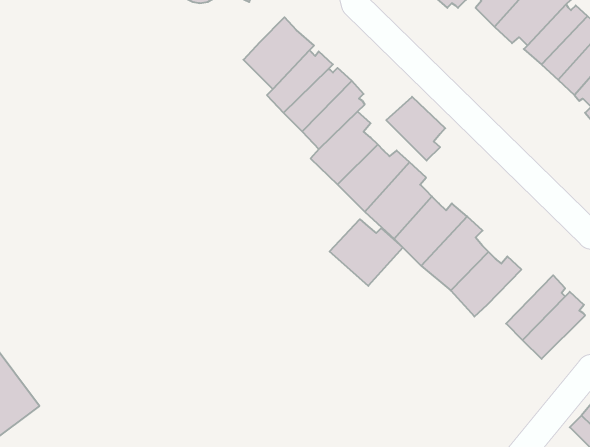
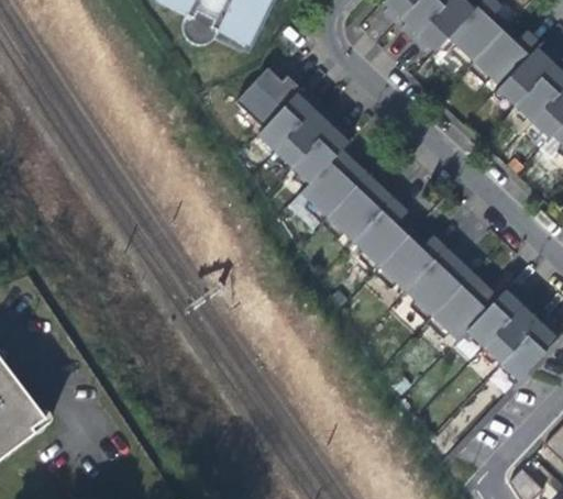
building: [386,97,445,161] -> none
building: [330,219,403,286] -> none
building: none -> [465,288,527,346]

